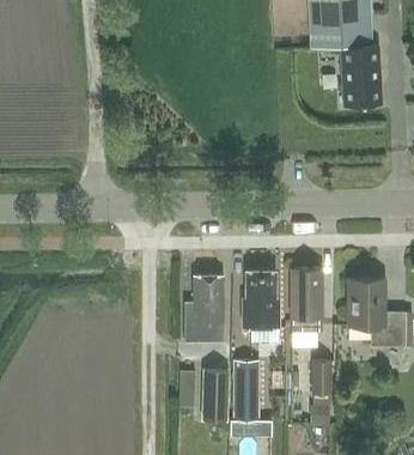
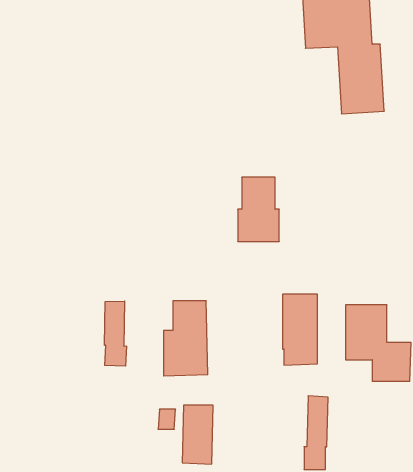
building: [242,271,279,328] -> [238,177,279,241]
building: none -> [104,301,126,366]
building: [233,360,258,421] -> none

